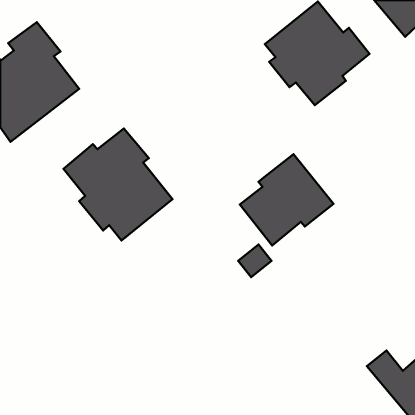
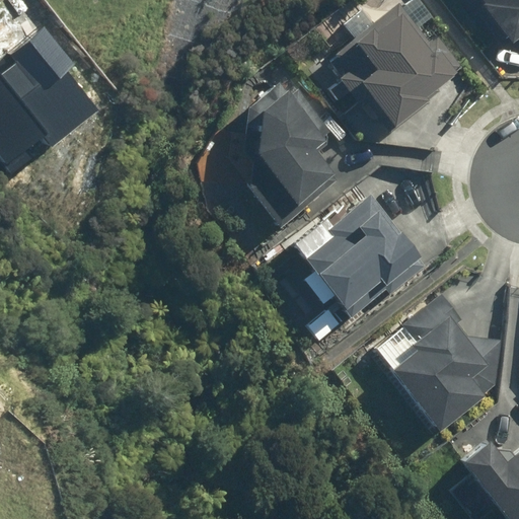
building: none -> [241,83,333,228]
building: [64,128,172,241] -> none
building: none -> [387,294,488,429]

